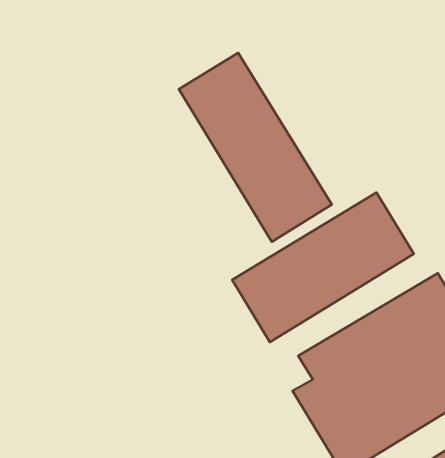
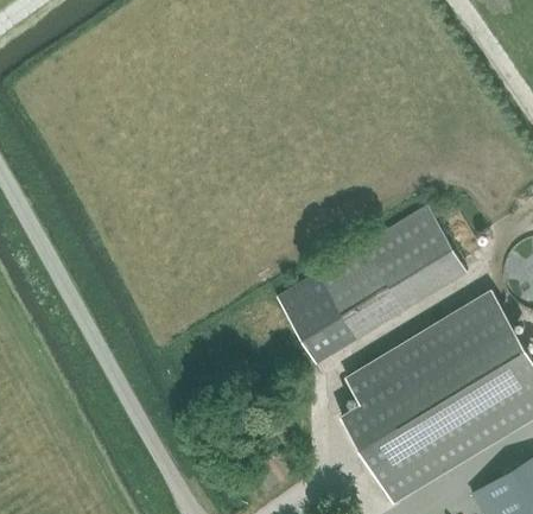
building: [179,53,332,242] -> none

